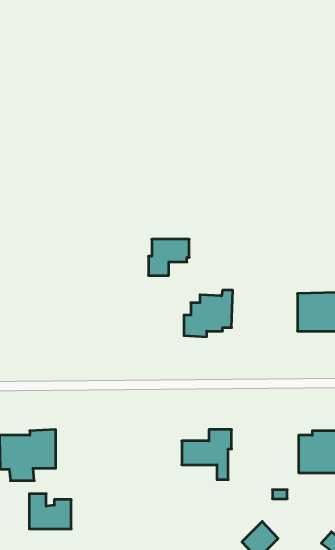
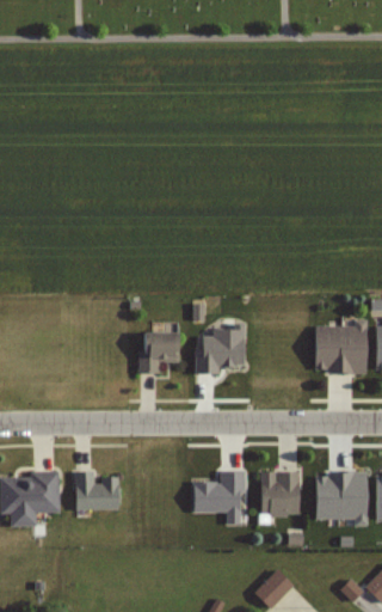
building: [148,239,189,275] -> [138,335,181,373]
building: none -> [260,472,300,513]
building: [29,494,71,529] -> [75,472,119,509]

